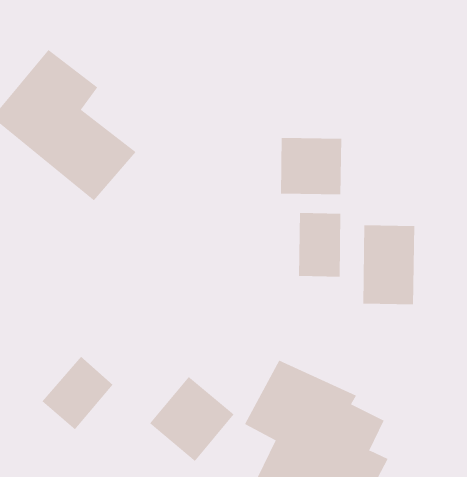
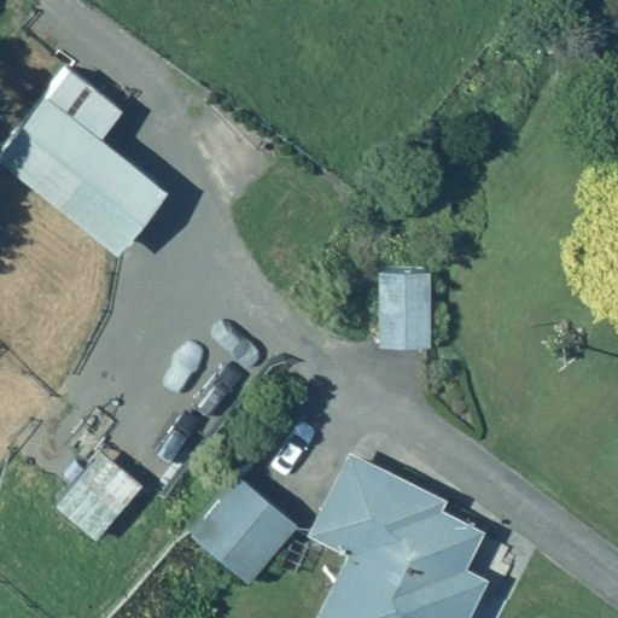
building: [280,137,342,195] -> none
building: [363,225,415,305] -> none

